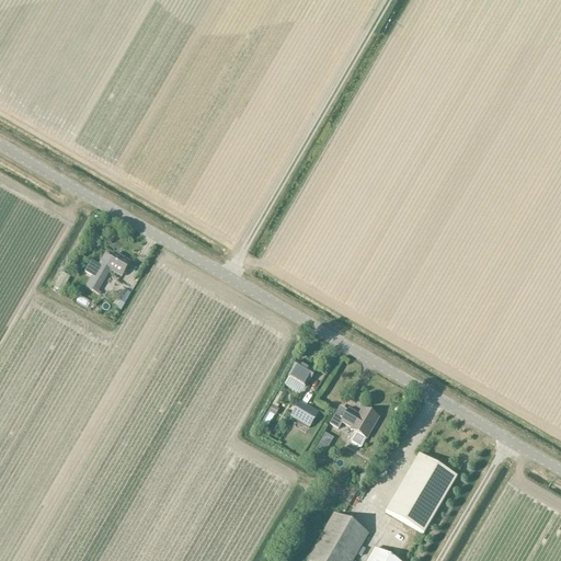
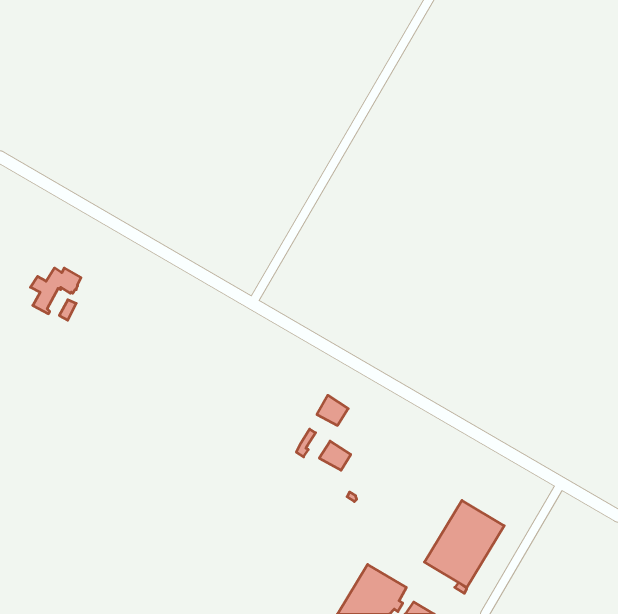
building: [83,252,129,294] -> [30,268,81,314]
building: [329,404,378,446] -> none

